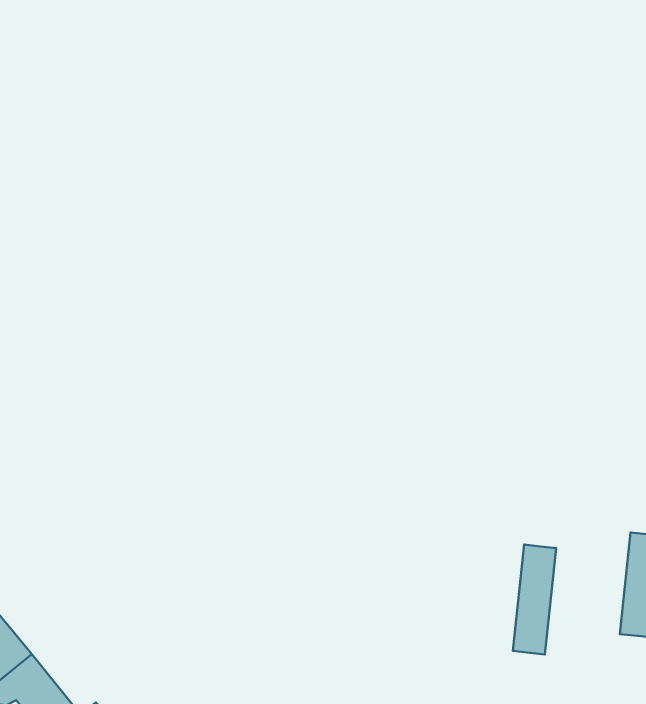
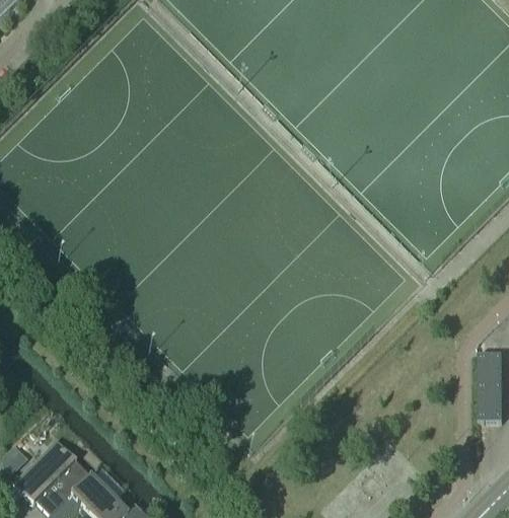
building: [513,545,556,654] -> none

